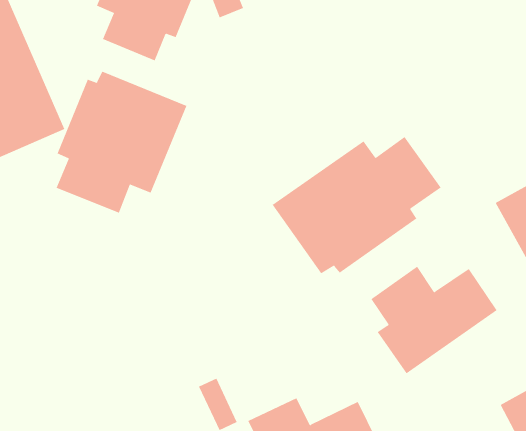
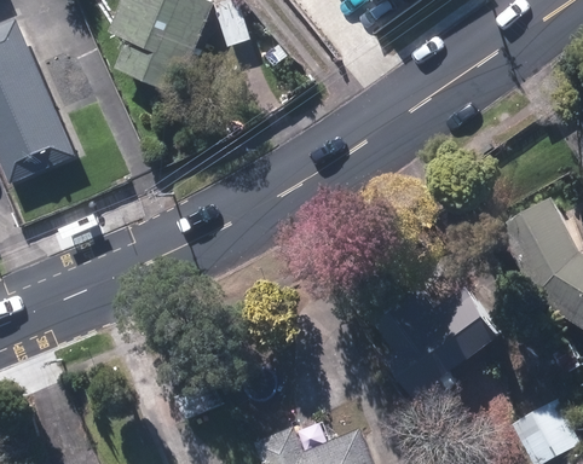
building: [56,71,187,214] -> none
building: [272,136,441,274] -> none

